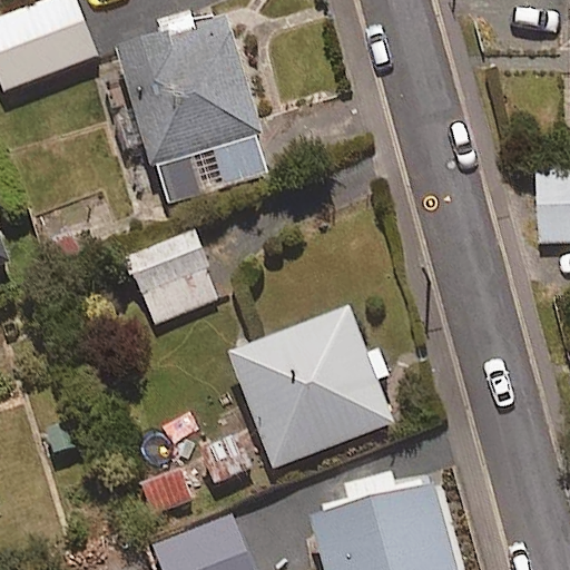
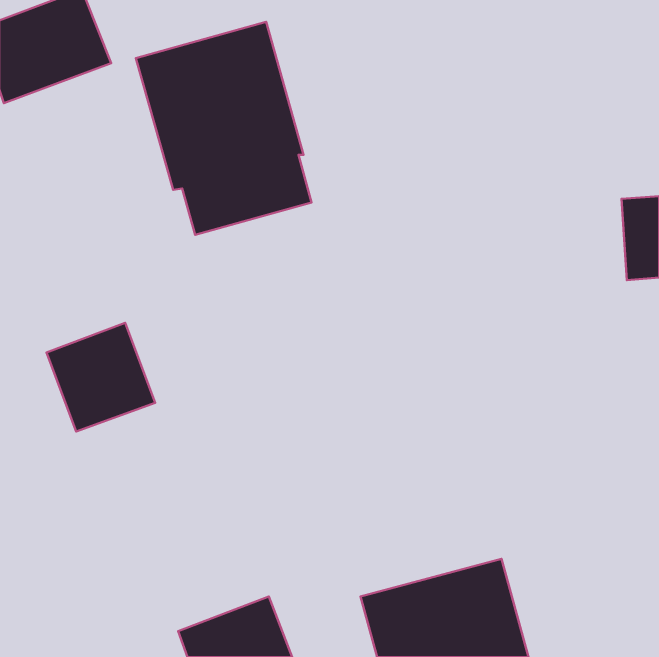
building: [125,229,218,323] -> [46,323,155,431]
building: [230,307,393,466] -> none

